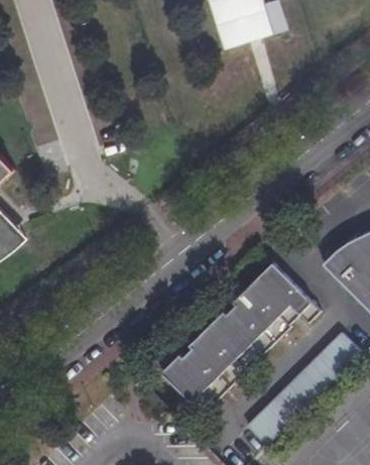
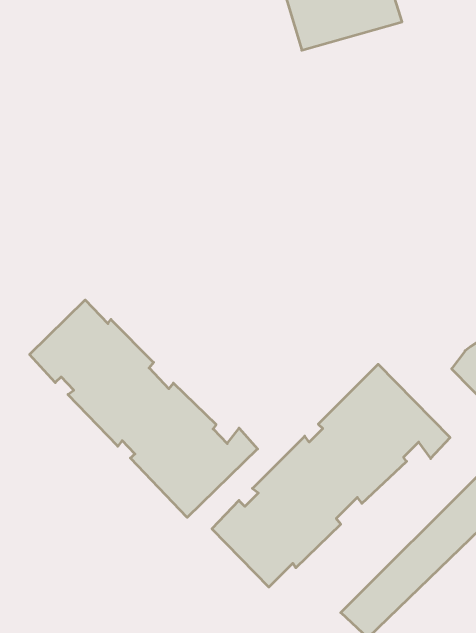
building: none -> [30,300,258,517]

